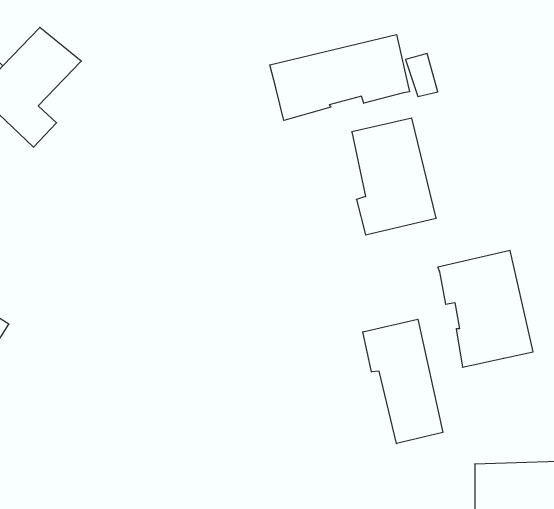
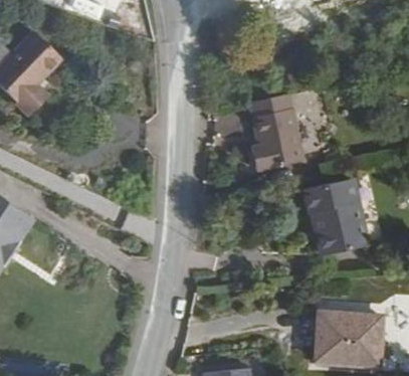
building: [270,35,410,120] -> none
building: [363,319,443,444] -> none

